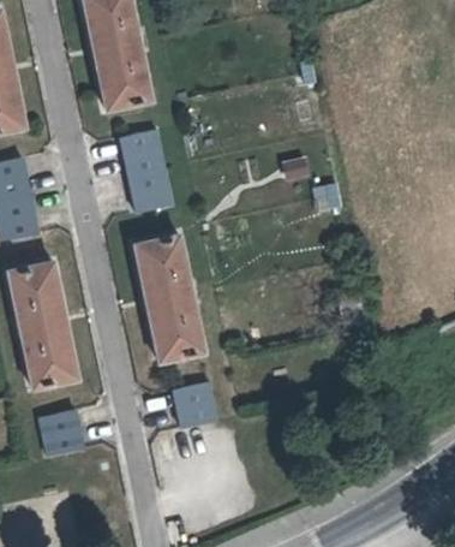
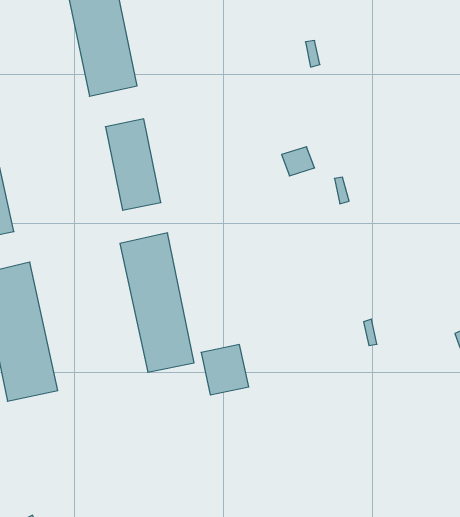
building: [173,381,216,427] -> [201,345,249,395]
building: [40,410,84,454] -> none

